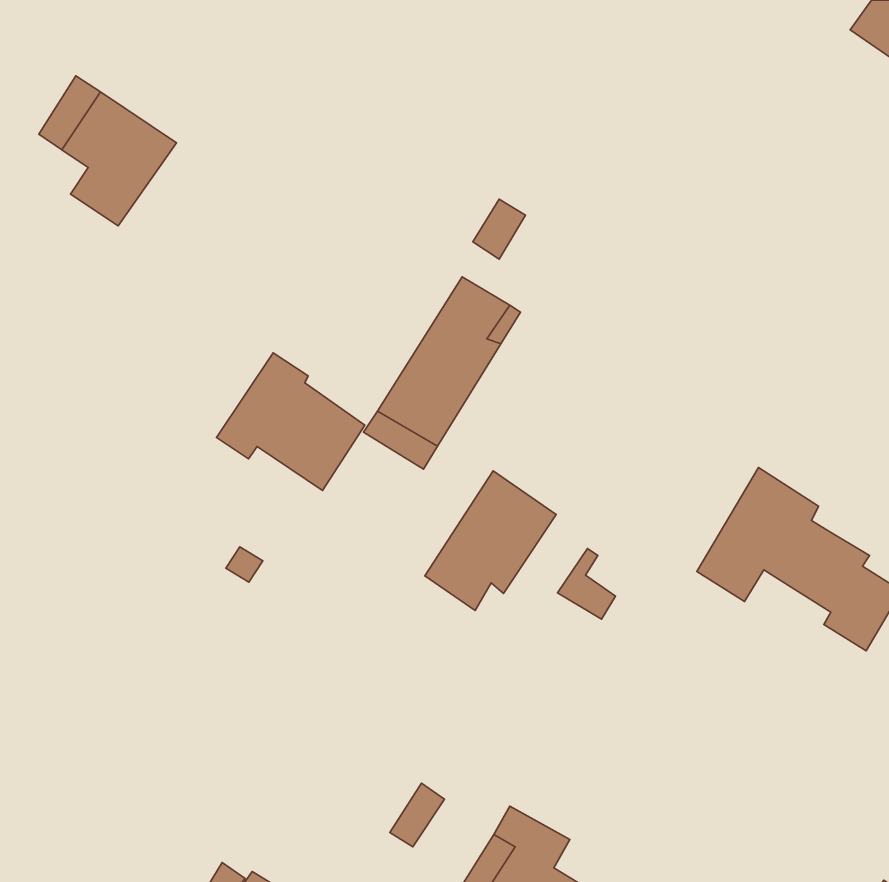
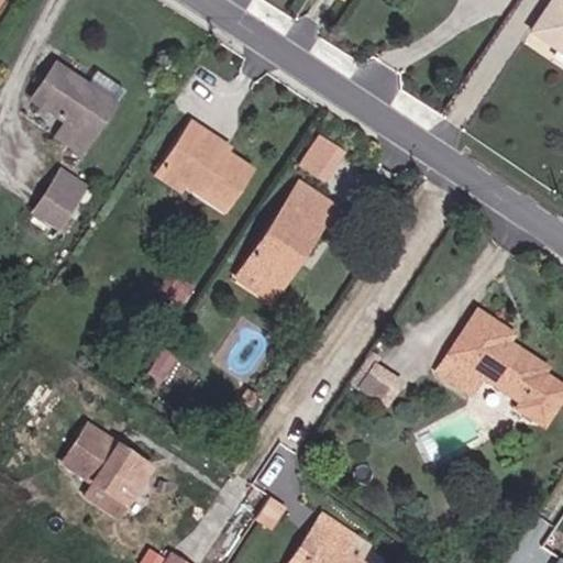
building: none -> [32,168,84,225]
building: [217,353,365,491] -> [156,128,249,213]
building: [425,471,556,610] -> none
building: none -> [68,434,153,528]

